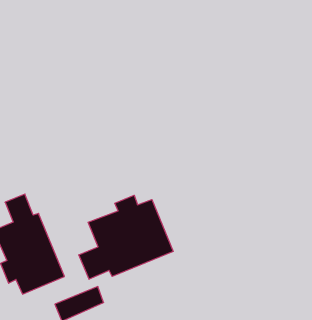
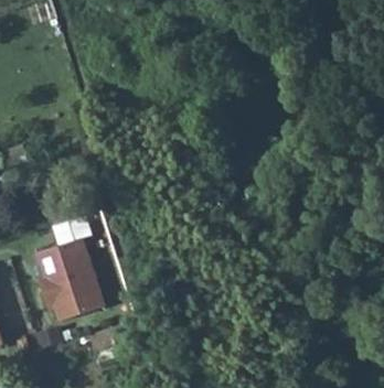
building: [79,195,173,279] -> none

